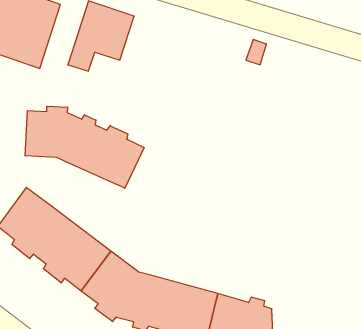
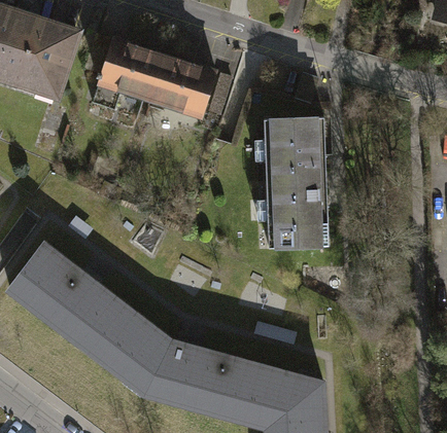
building: none -> [150,47,218,115]
building: none -> [254,123,329,252]
building: [25,106,144,188] -> none

